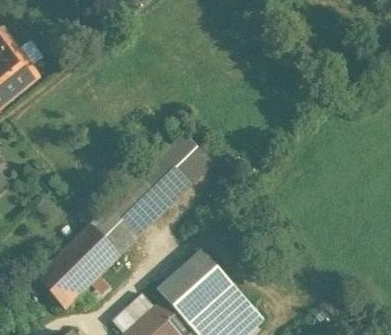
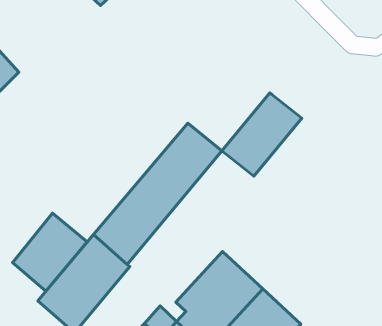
building: none -> [222,93,302,176]
building: none -> [12,213,87,291]

